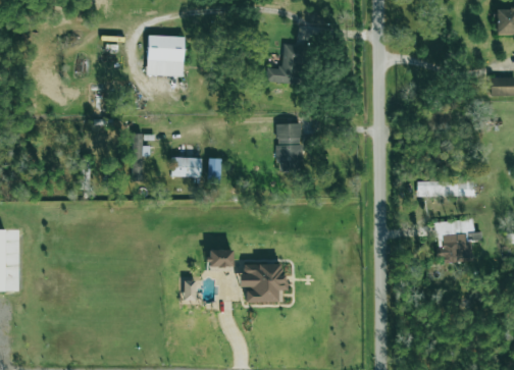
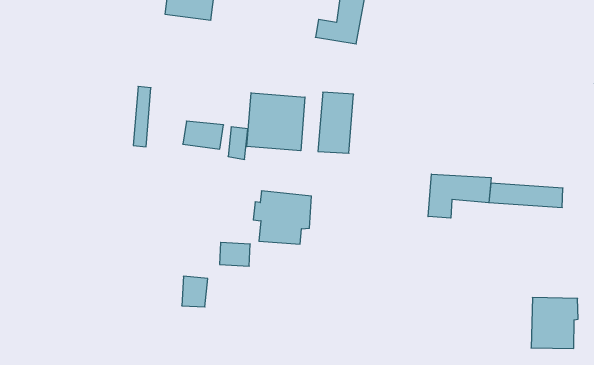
building: none -> [247,93,305,151]
building: none -> [428,174,491,218]
building: [438,219,475,262] -> [531,298,578,348]
building: [240,263,285,303] -> [253,191,311,244]

